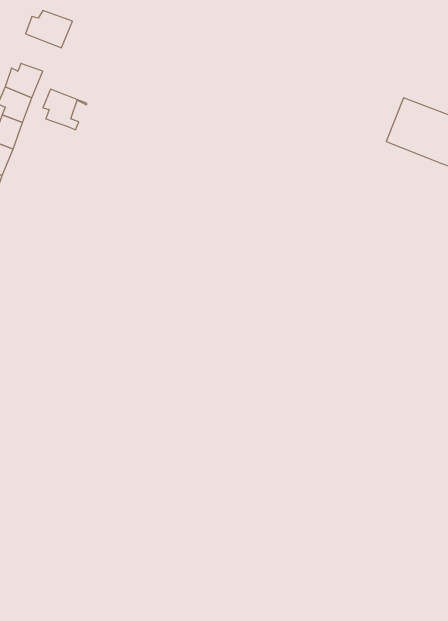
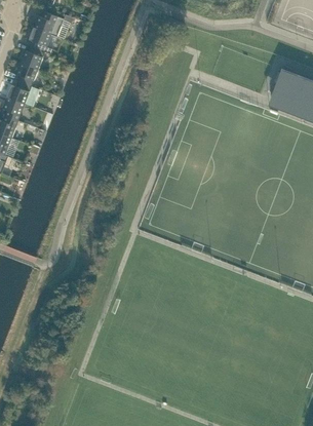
building: [43,89,87,130] -> [28,30,56,56]

